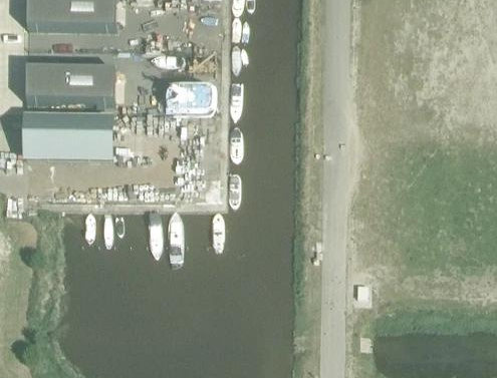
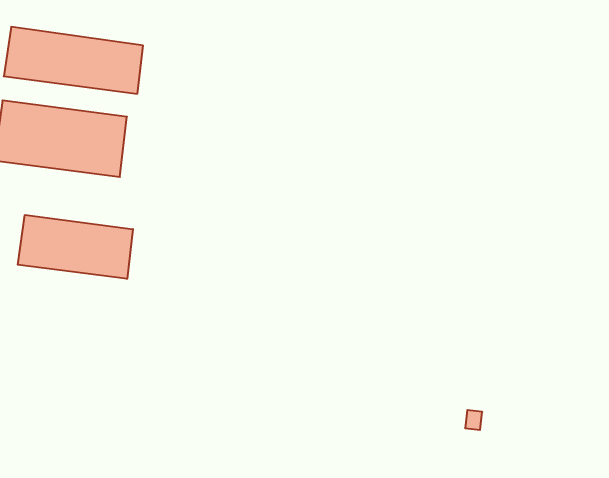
building: none -> [18,215,133,279]

